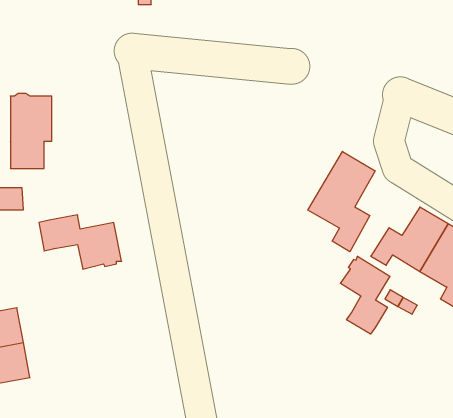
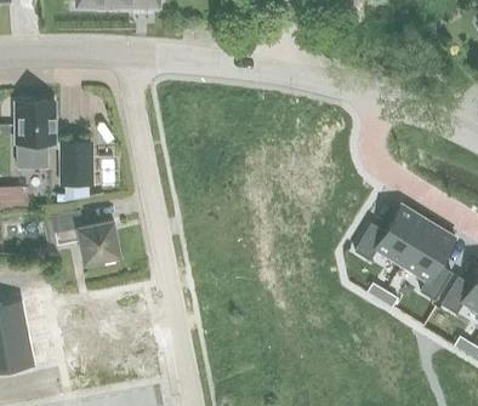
building: none -> [59,139,92,183]
building: [308,151,375,252] -> none
building: [340,256,390,334] -> none

